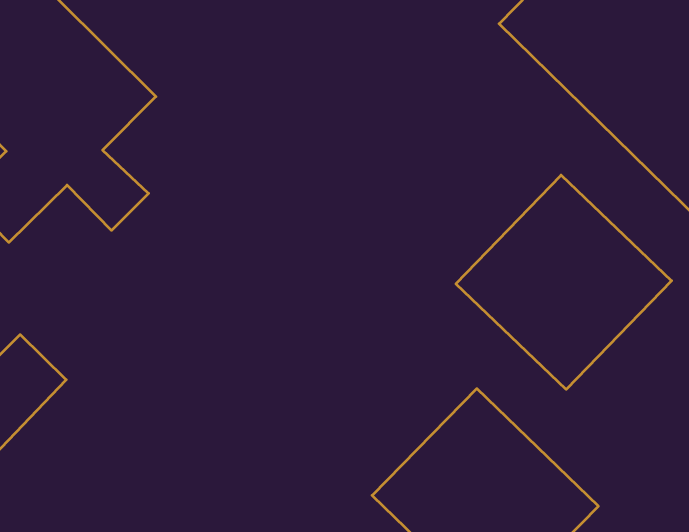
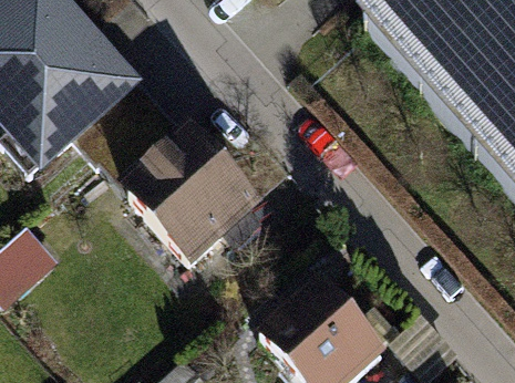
building: none -> [126,123,270,268]
building: [456,175,672,389] -> none

